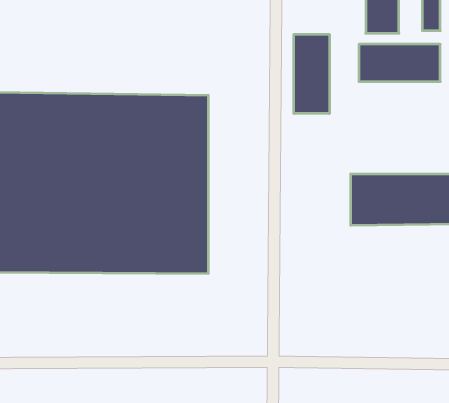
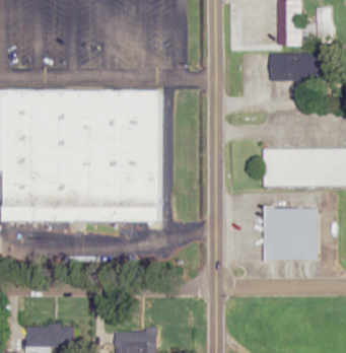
building: [294,34,329,114] -> none
building: none -> [265,206,318,260]

